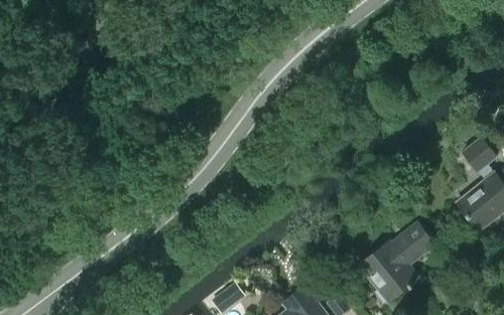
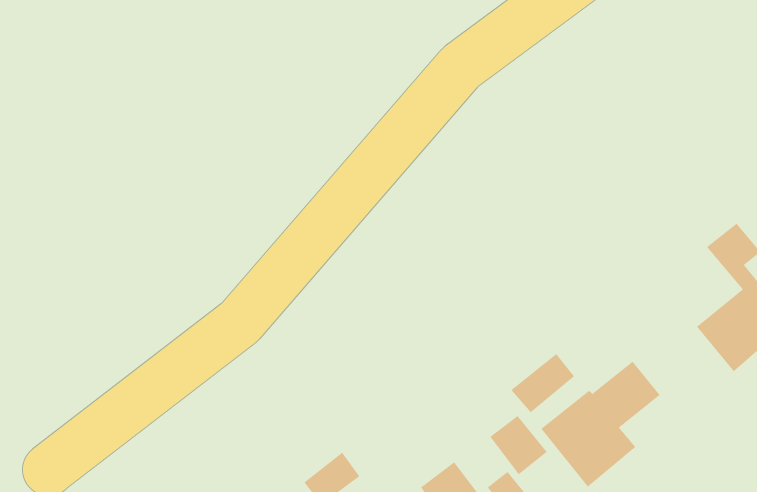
building: none -> [510,353,575,413]
building: none -> [490,415,547,475]

